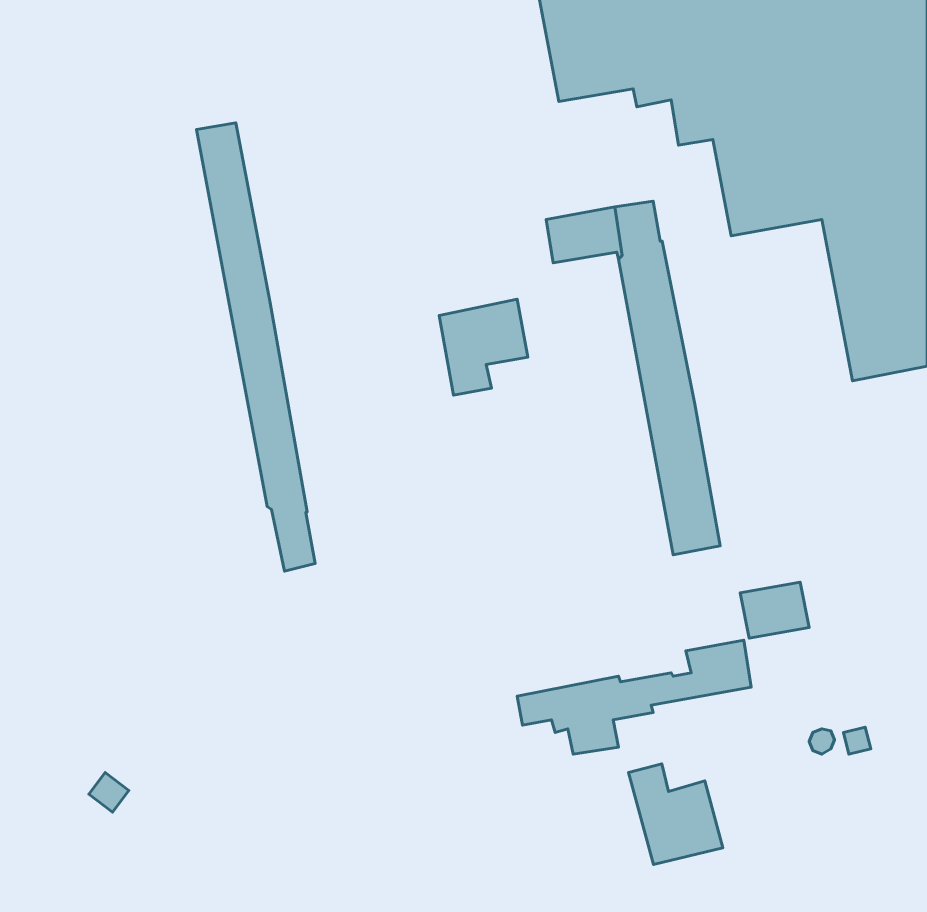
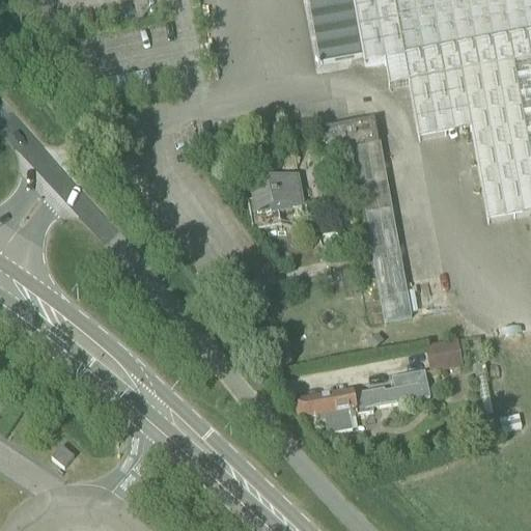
building: [197,123,315,571] -> none
building: [628,764,723,865] -> none

